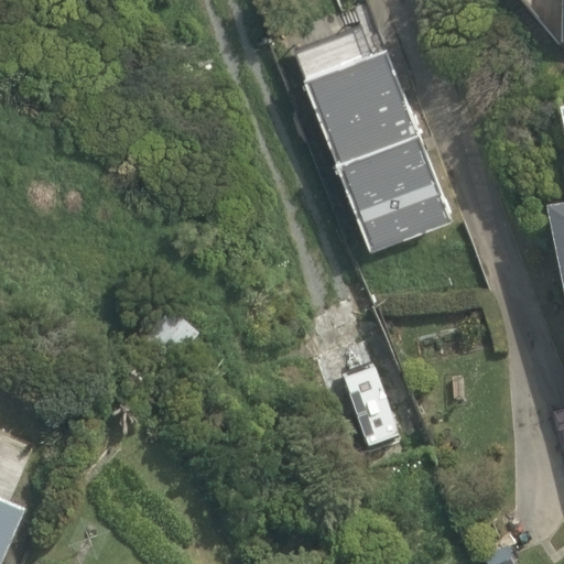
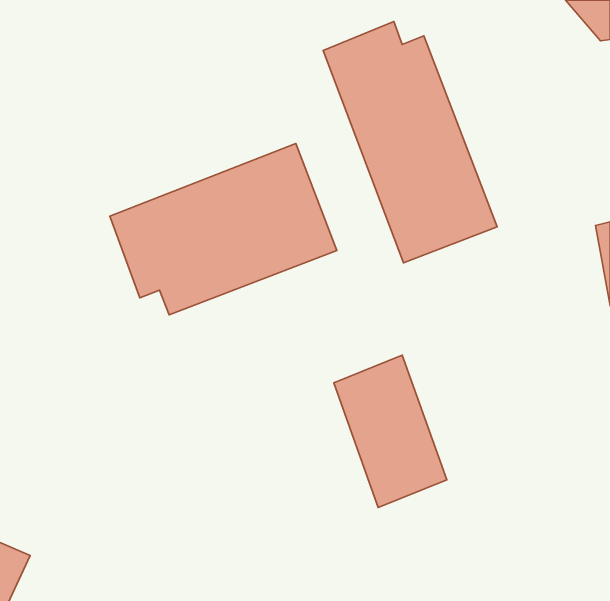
building: none -> [110,144,337,315]

